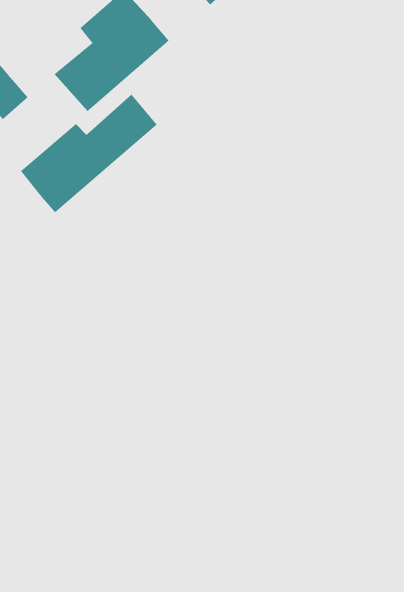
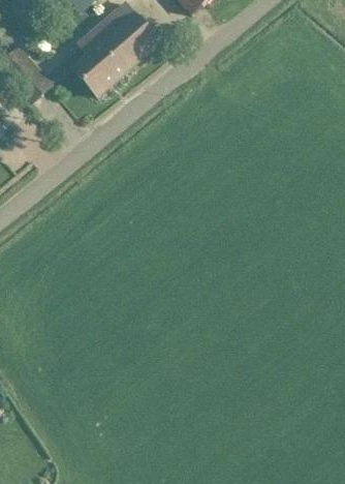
building: [20,94,157,213] -> none

